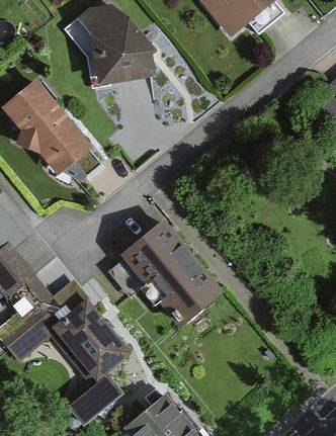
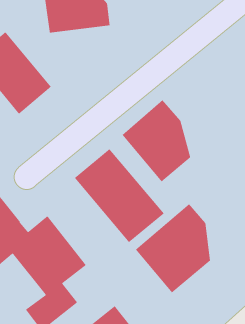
building: none -> [121,99,191,182]
building: none -> [135,203,211,293]

